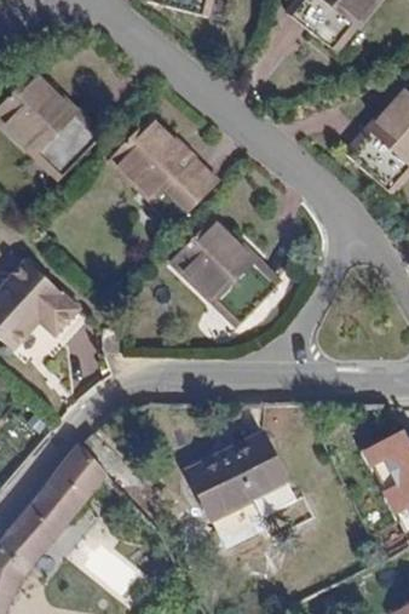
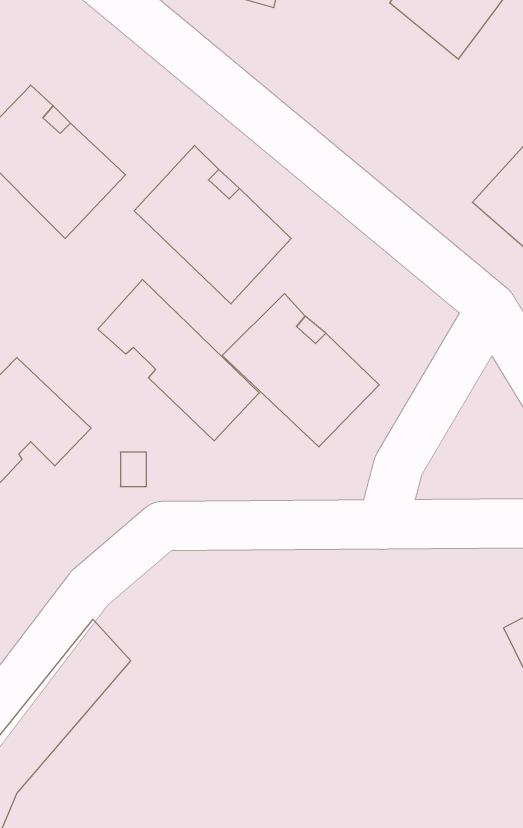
building: none -> [98,280,259,441]
building: [189,432,288,520] -> none

